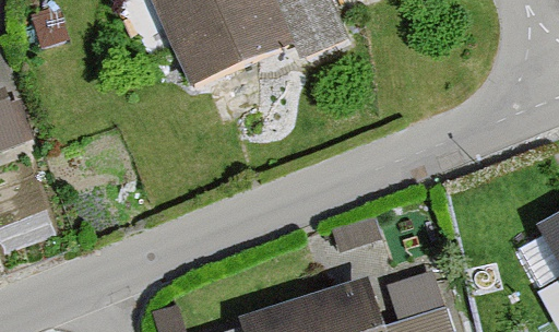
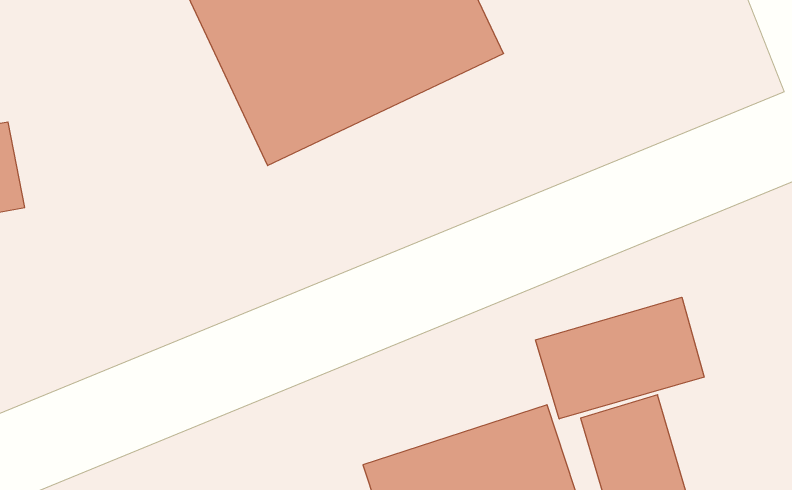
building: none -> [535,297,704,419]

